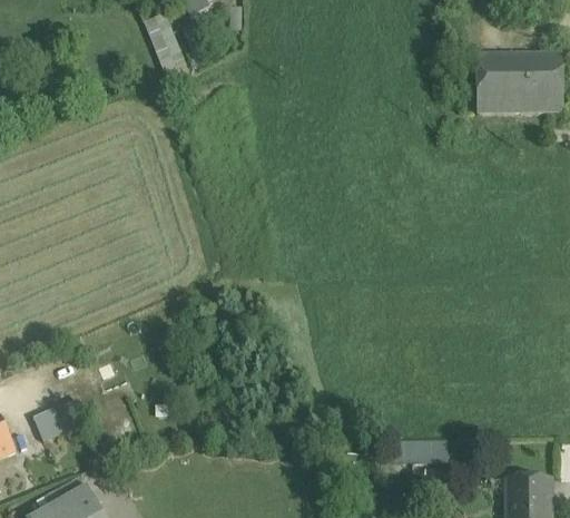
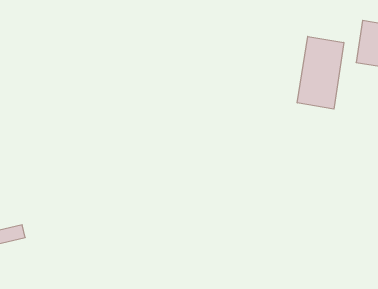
building: none -> [297,36,344,109]

